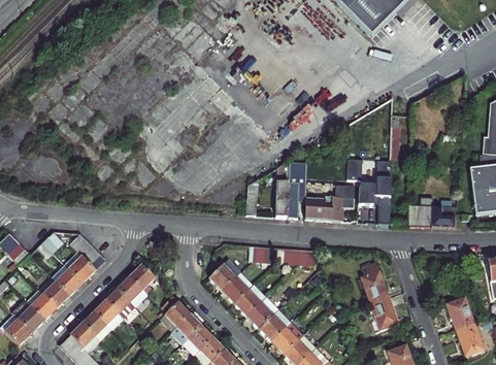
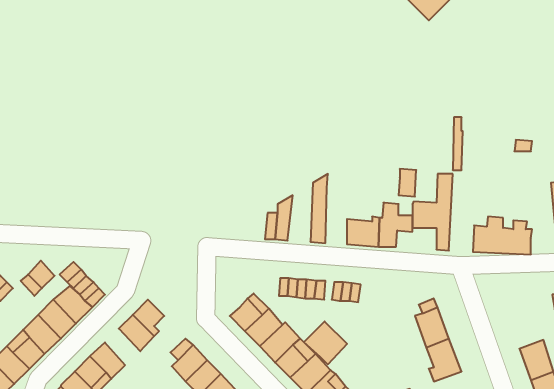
building: [287,172,305,219] -> none
building: none -> [304,321,347,364]
building: [106,288,135,318] -> none

